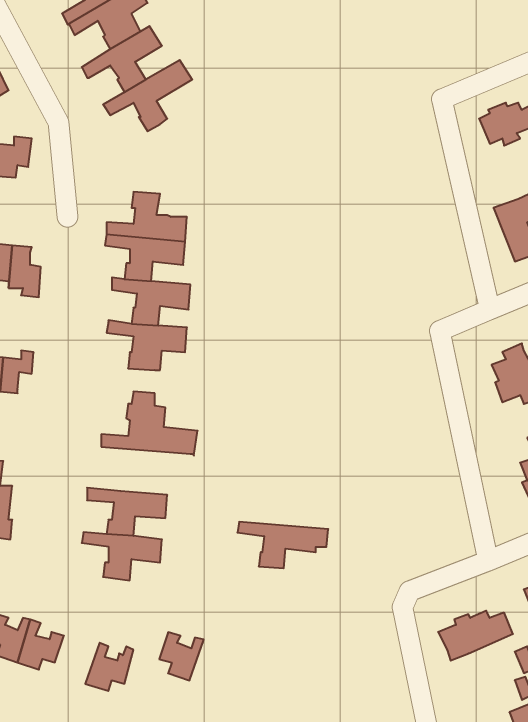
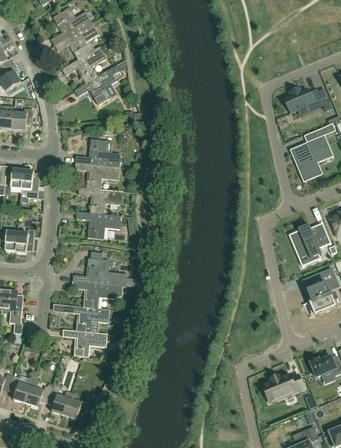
building: [237,522,328,568] -> [71,282,122,308]
building: [159,632,204,680] -> [46,388,71,415]

